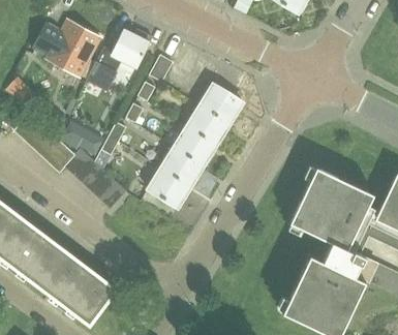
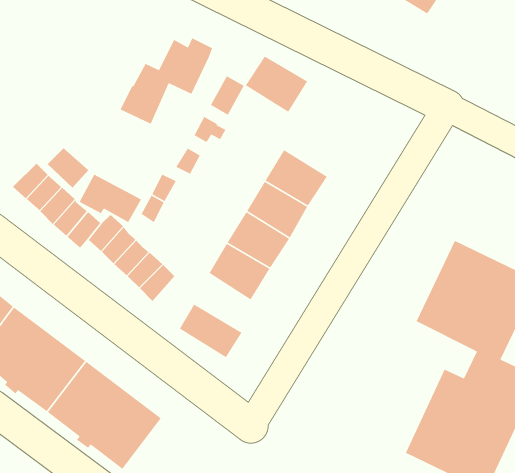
building: [32,20,100,78] -> none
building: [200,85,243,124] -> [245,55,308,113]
building: none -> [179,304,243,358]

